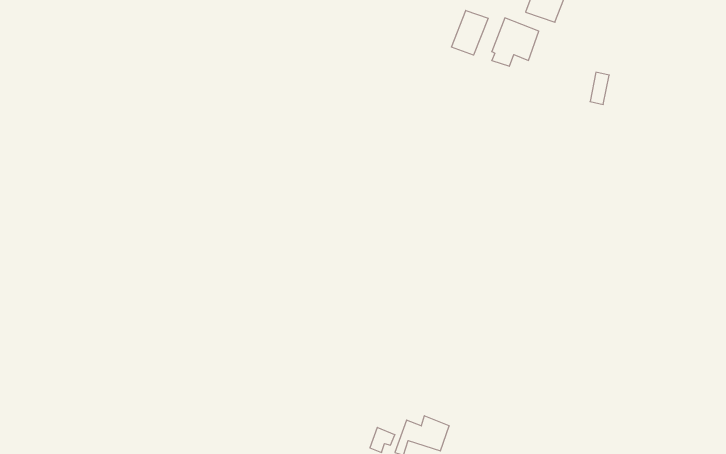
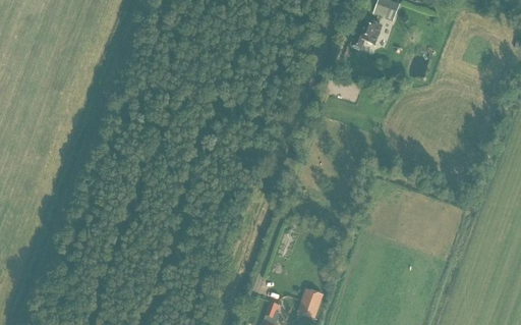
building: [451,10,488,55] -> none

